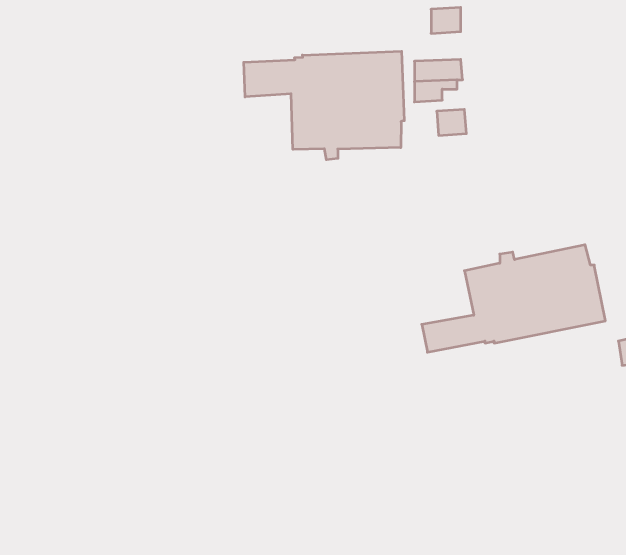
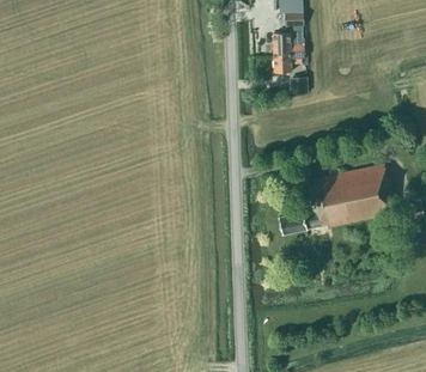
building: [244,51,404,160] -> none

